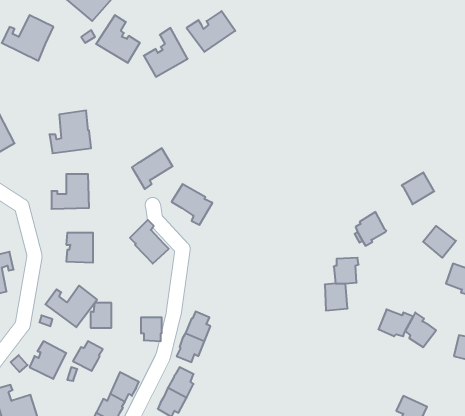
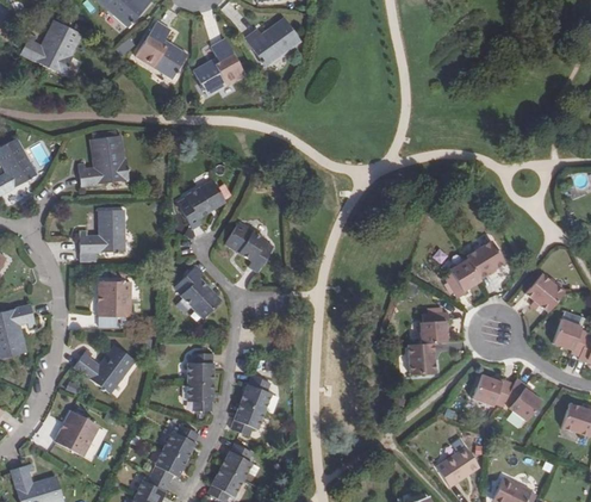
building: [402,172,434,204] -> [466,238,505,277]
building: [91,303,111,328] -> [187,353,212,383]
building: [73,341,103,371] -> [162,424,198,460]
building: none -> [436,446,478,485]

